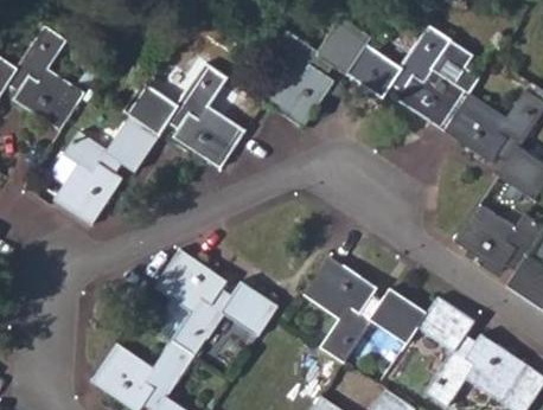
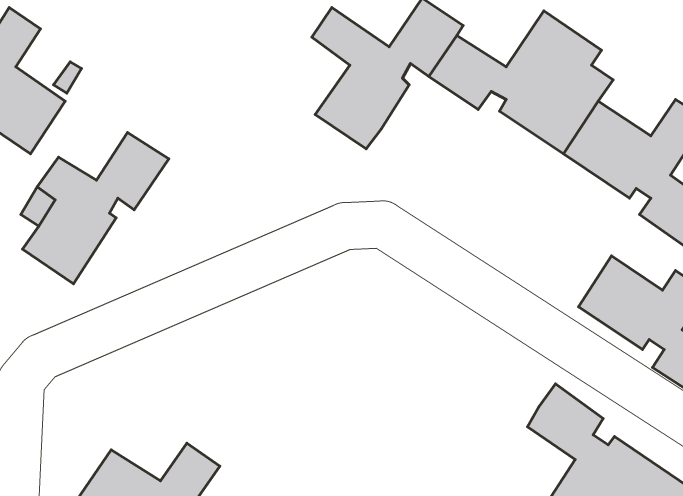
building: [123,64,245,168] -> none
building: [155,250,277,355] -> none
building: [304,257,426,361] -> none

